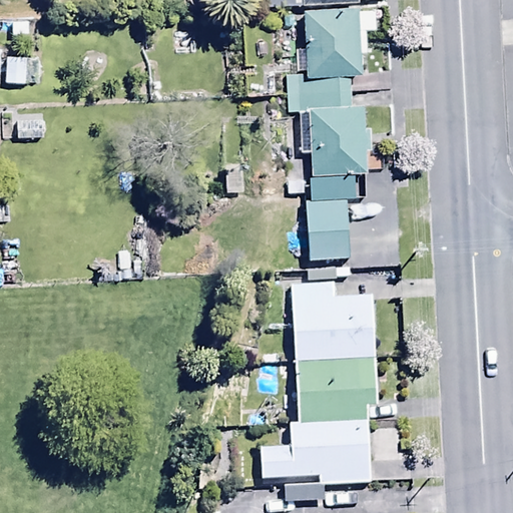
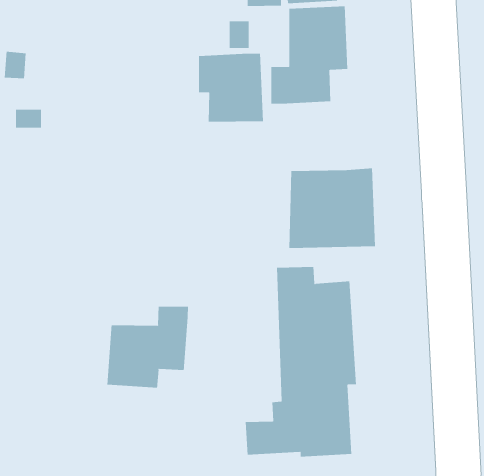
building: [298,107,367,180] -> [198,53,264,122]
building: none -> [107,306,189,389]

